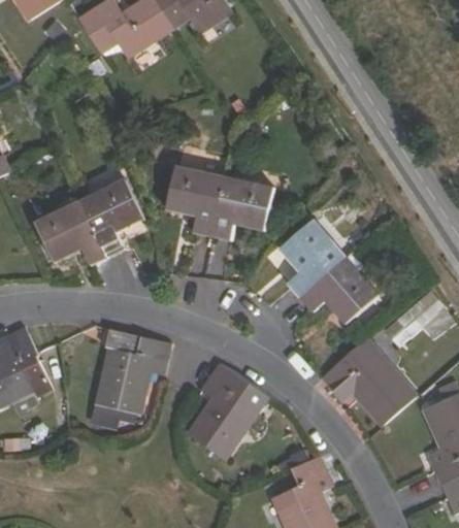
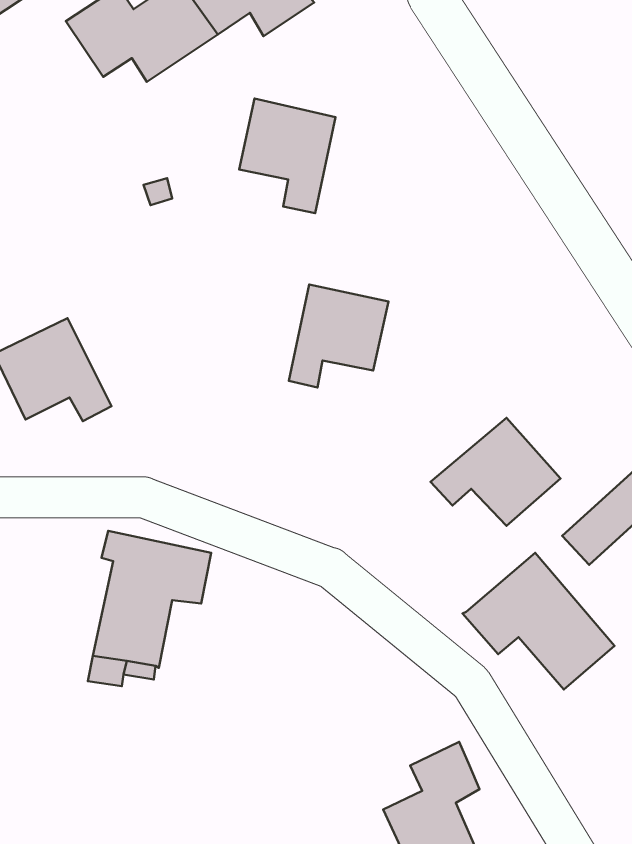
building: [168,166,227,236] -> [239,99,335,213]
building: [79,175,143,252] -> none
building: [281,220,348,298] -> none
building: [189,362,265,457] -> none

